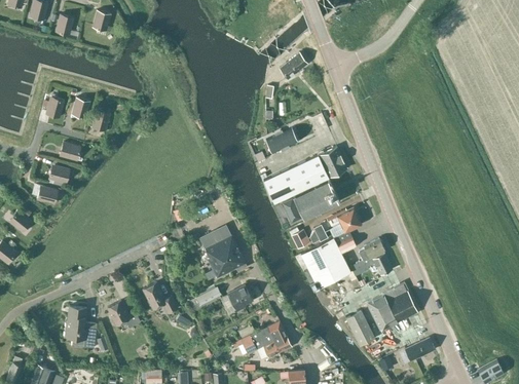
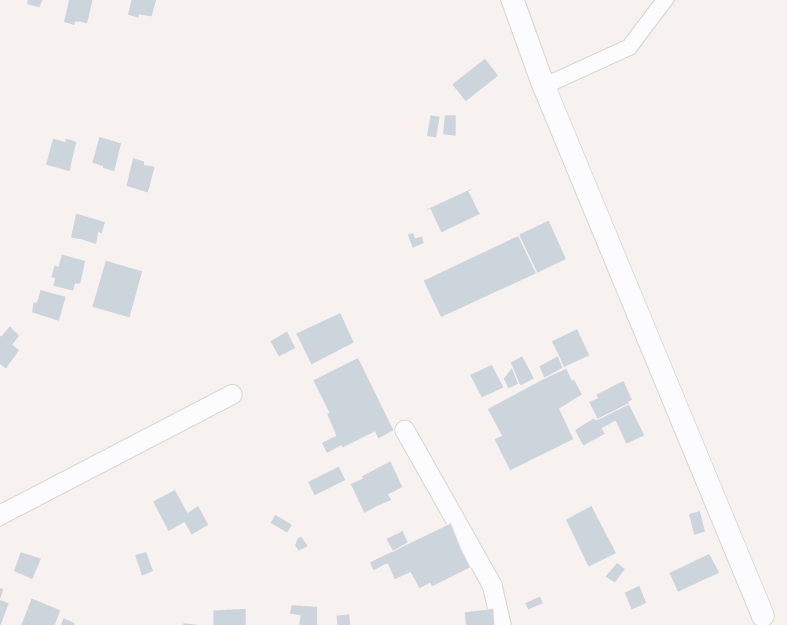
building: none -> [92,260,143,318]
building: [282,181,337,223] -> none
building: none -> [296,312,355,365]
building: [143,282,178,313] -> none
building: [366,284,416,331] -> none
building: [65,306,97,348] -> none

